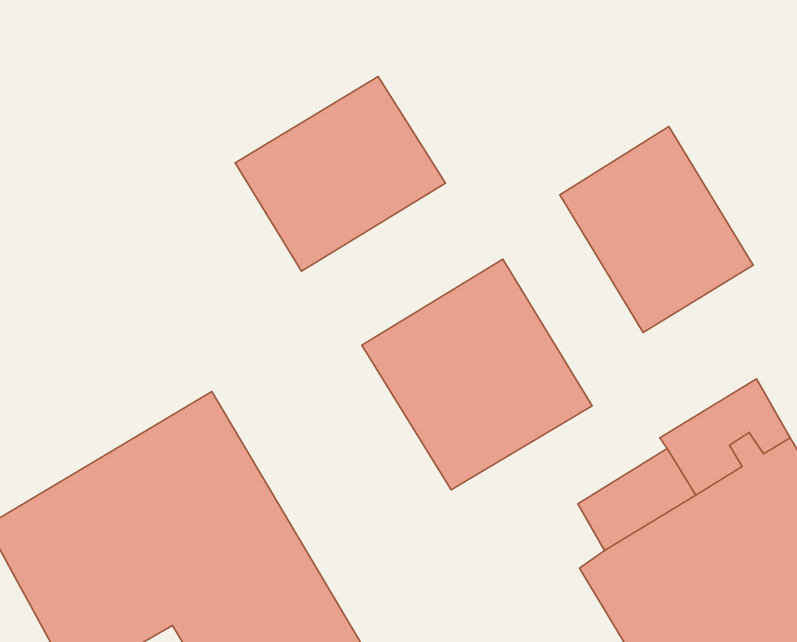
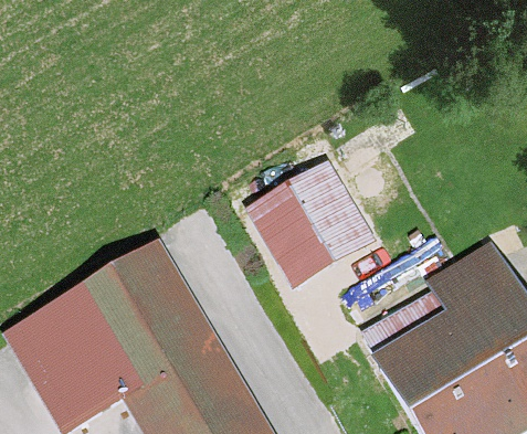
building: [235,76,445,271] -> none
building: [560,127,753,333] -> none

